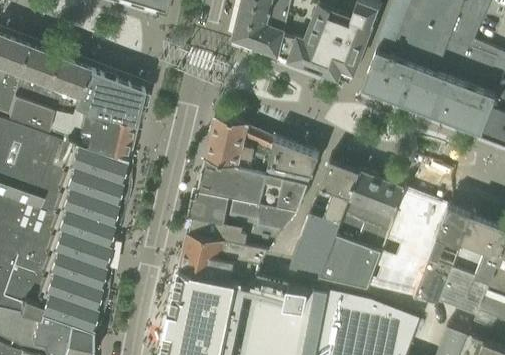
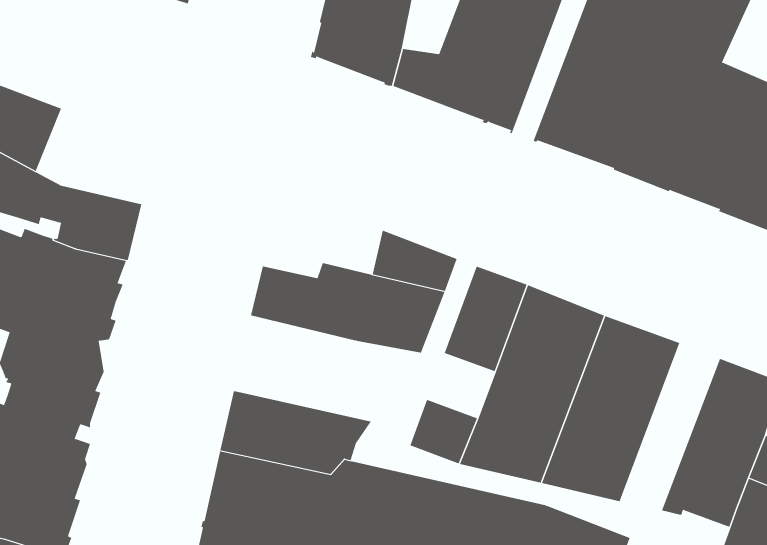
building: [73,68,143,124] -> none
building: [205,116,275,167] -> none
building: [188,189,298,251] -> none
building: [414,205,472,303] -> none
building: [301,211,341,249] -> none

